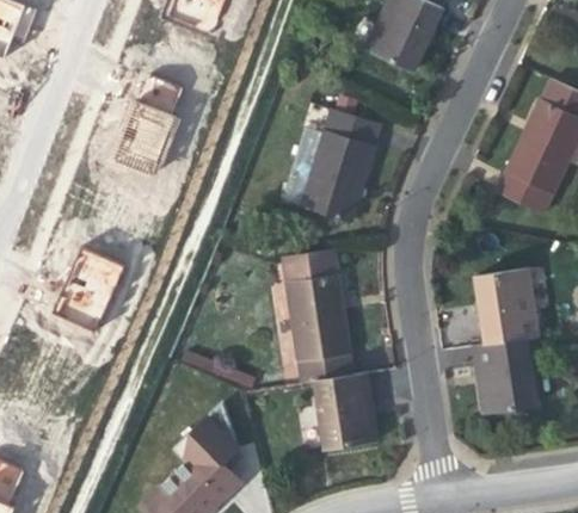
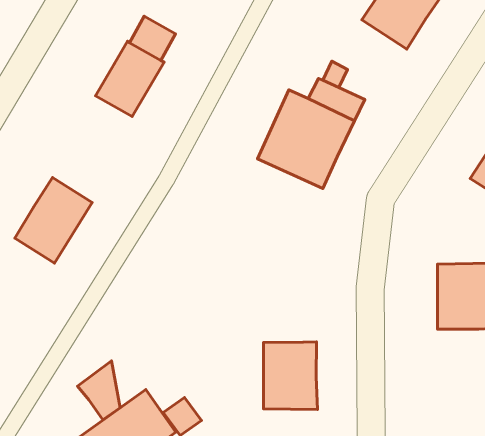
building: [283,251,353,383] -> none
building: [472,338,535,414] -> none
building: [191,403,236,463] -> [78,361,120,420]

